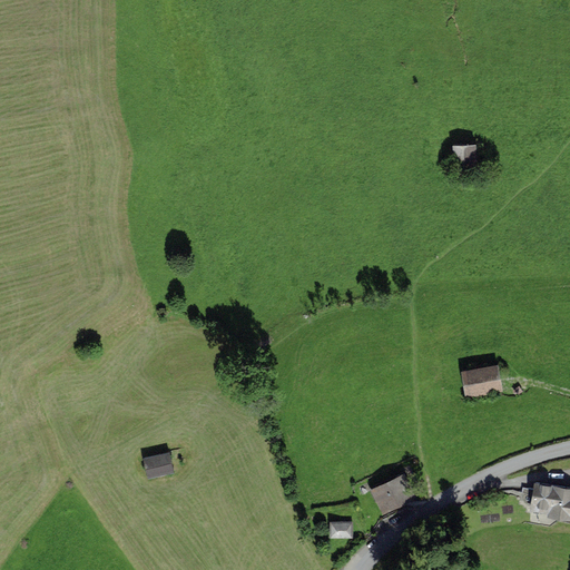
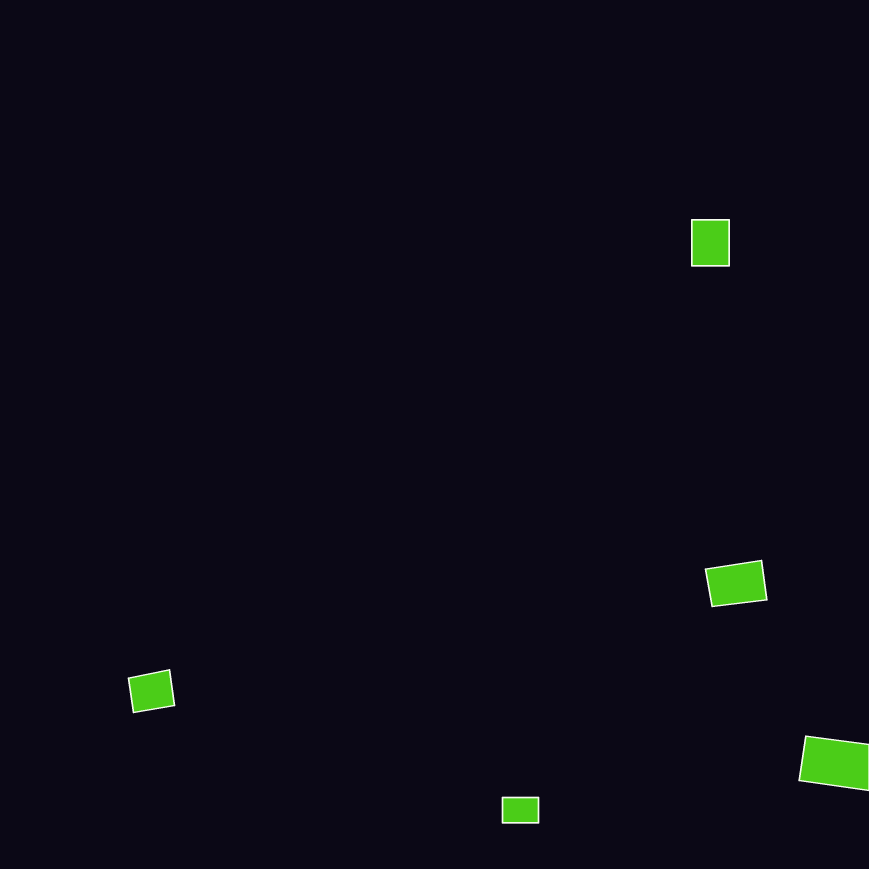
building: [146,448,176,475] -> [128,670,174,712]
building: [368,472,415,514] -> none

